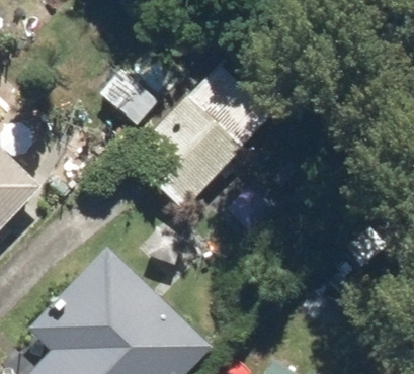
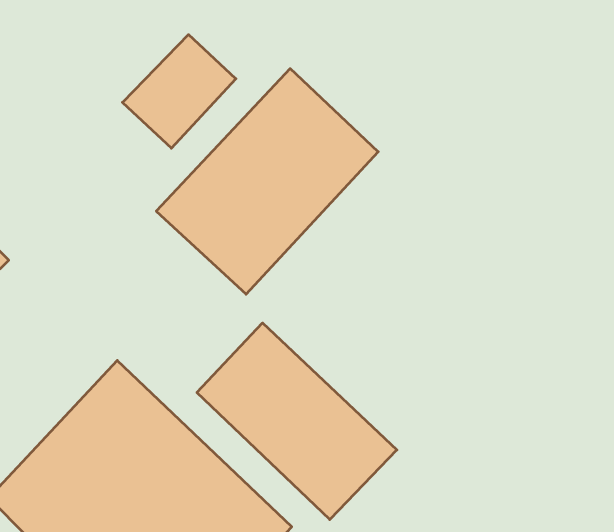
building: none -> [197,323,397,520]

